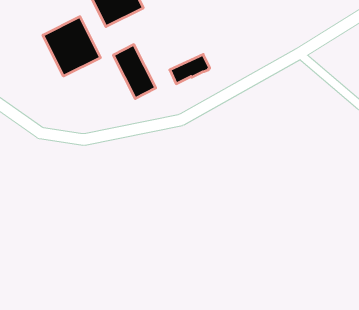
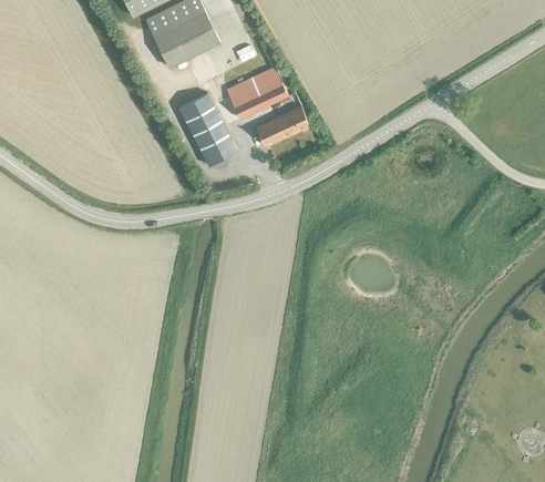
building: [43,17,100,76] -> none
building: none -> [226,66,288,120]

